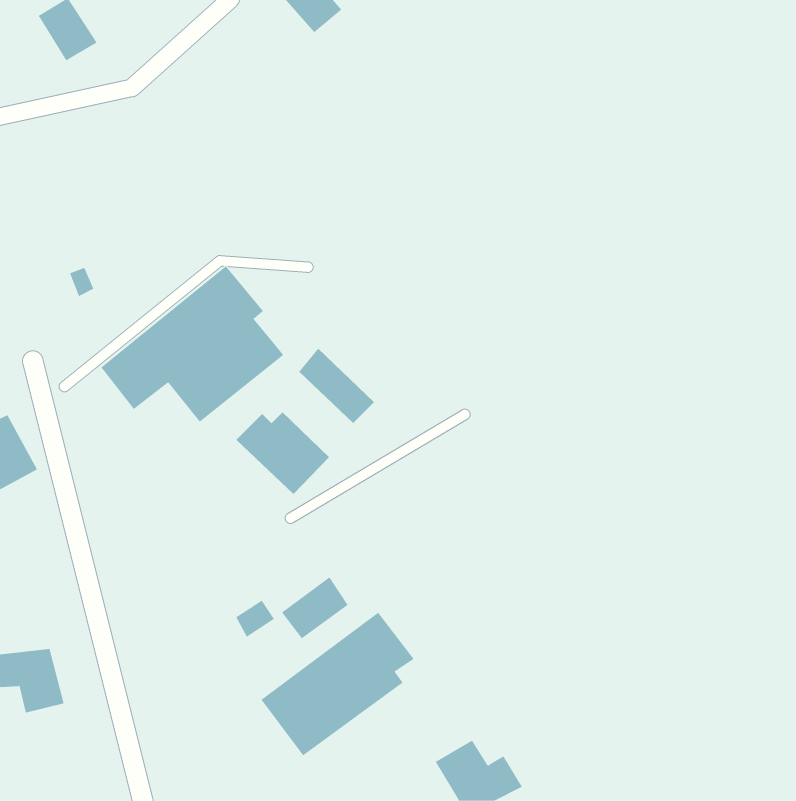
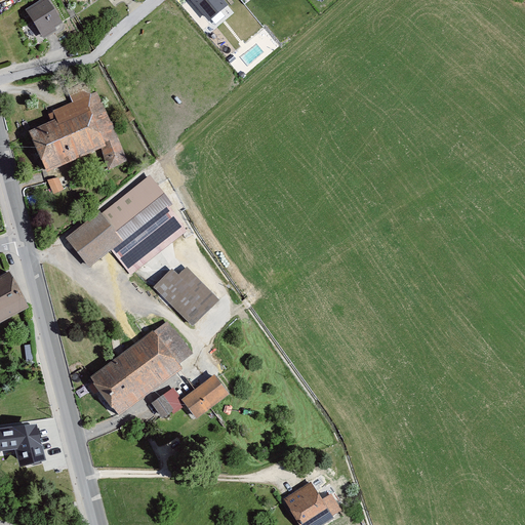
building: none -> [30,80,127,168]
building: [298,348,375,424] -> none
building: [261,612,414,756] -> [88,322,189,416]

